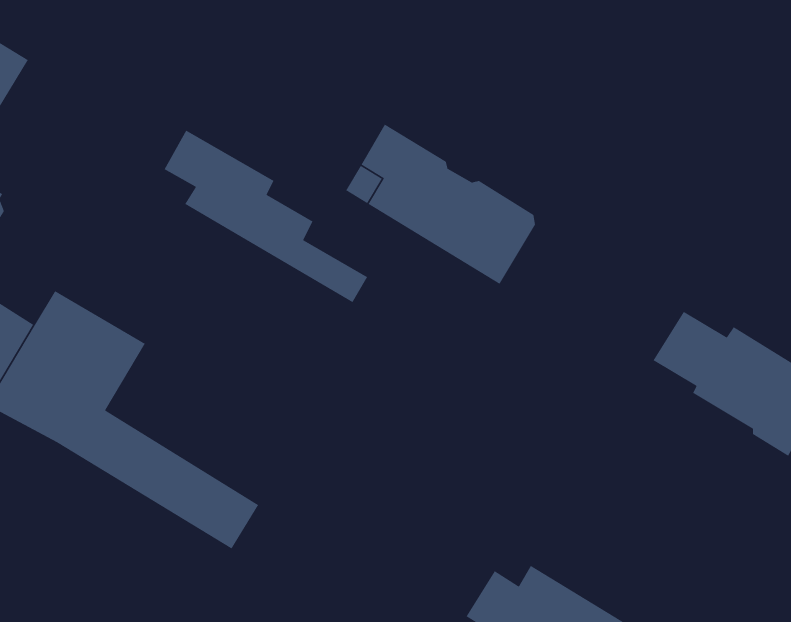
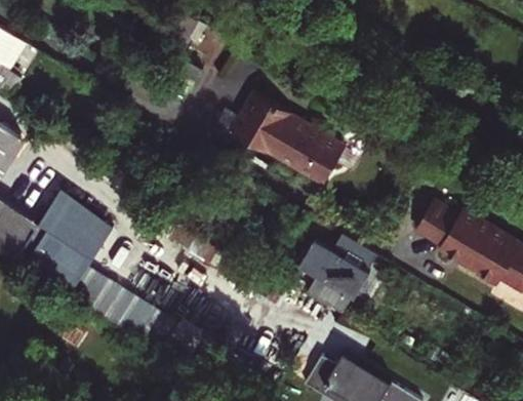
building: [164,129,368,303] -> none
building: none -> [290,234,375,315]

